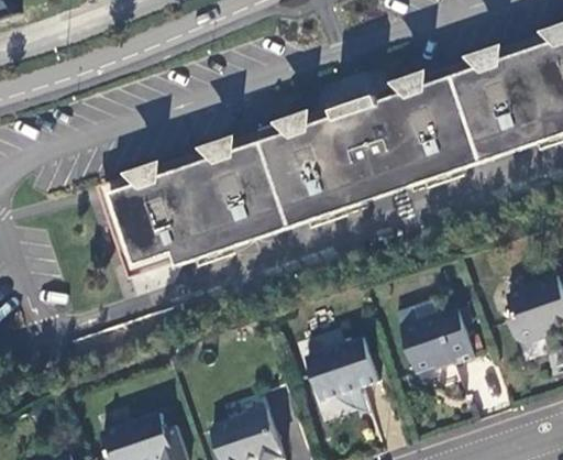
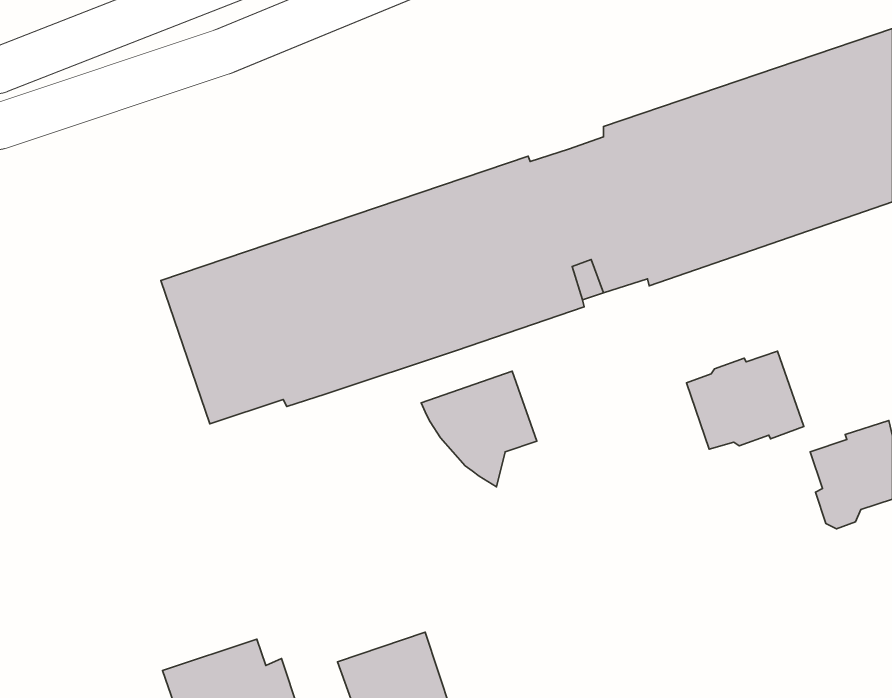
building: [402,310,476,372] -> [687,351,804,449]
building: [308,338,380,410] -> [421,371,537,487]

